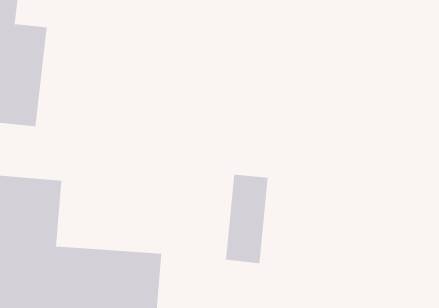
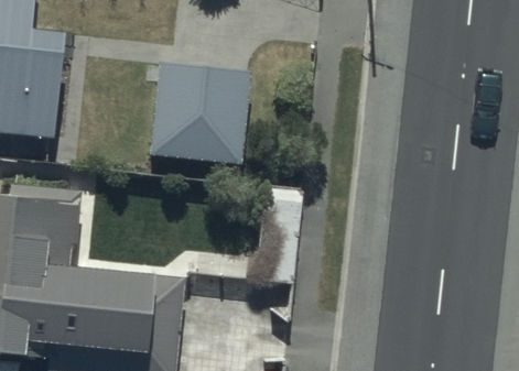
building: none -> [149,61,251,164]

